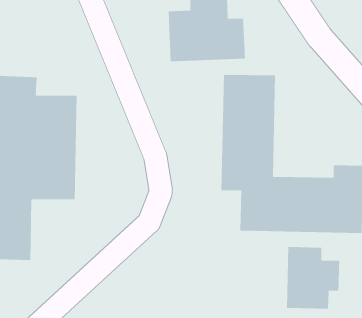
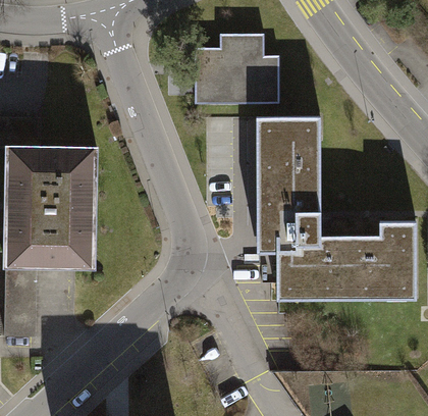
building: [287,246,340,309] -> none

